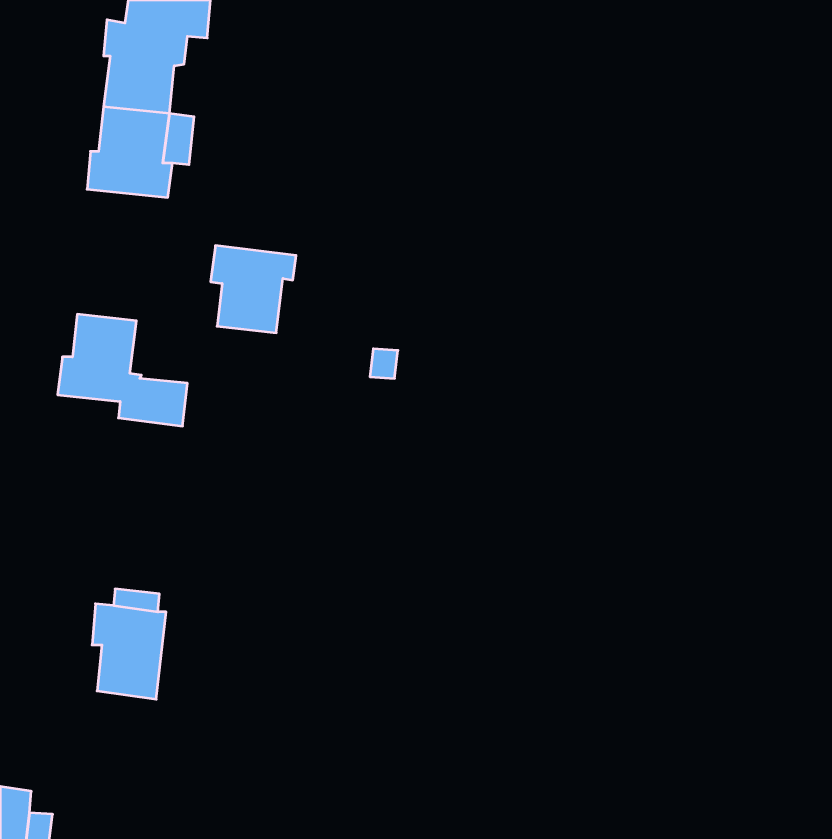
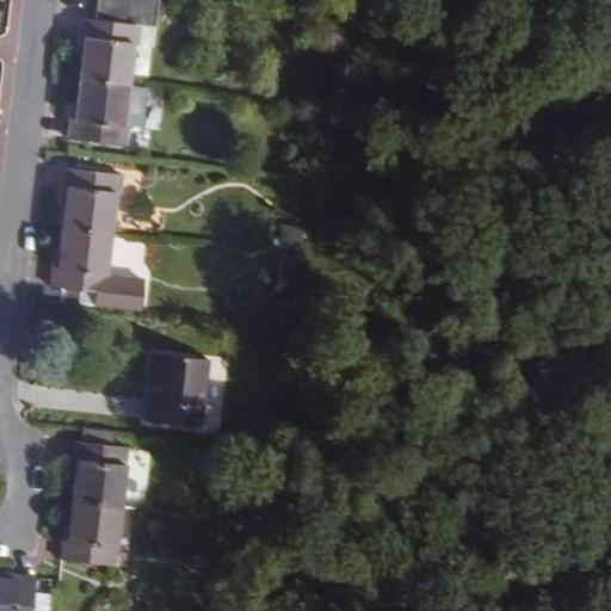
building: [211,246,296,333] -> [57,171,119,234]
building: none -> [148,351,206,424]
building: none -> [62,502,119,568]

